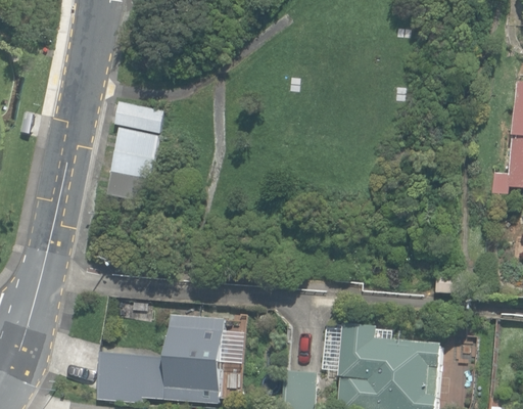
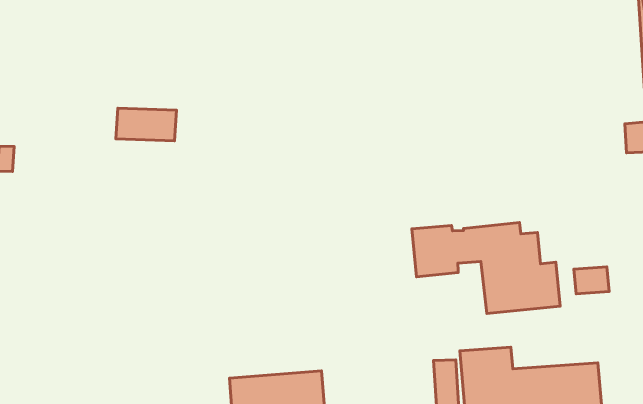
building: [106,130,156,201] -> none
building: none -> [412,222,560,314]

